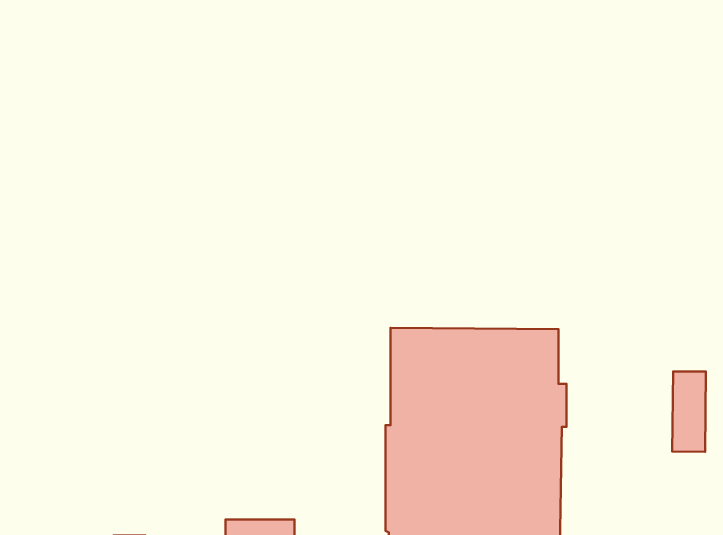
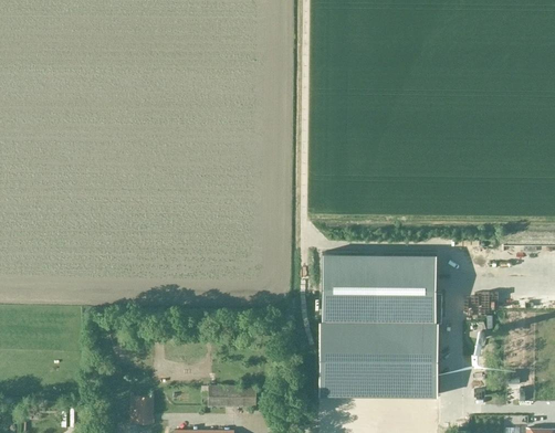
building: [672,371,706,452] -> none

